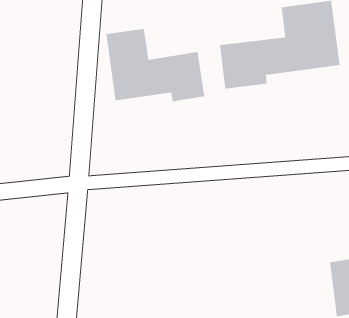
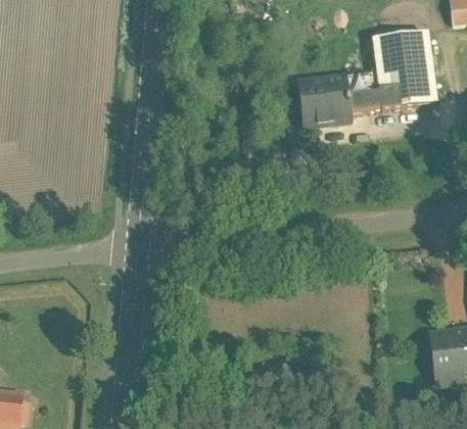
building: [106,28,205,102] -> none

